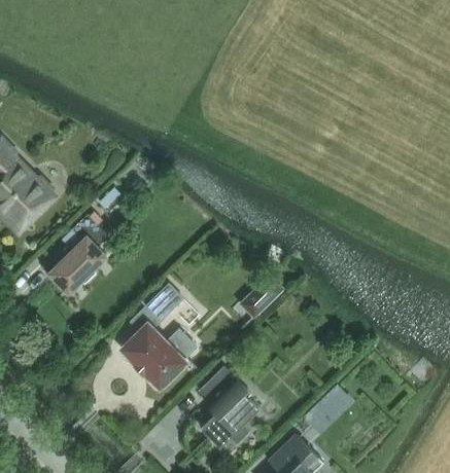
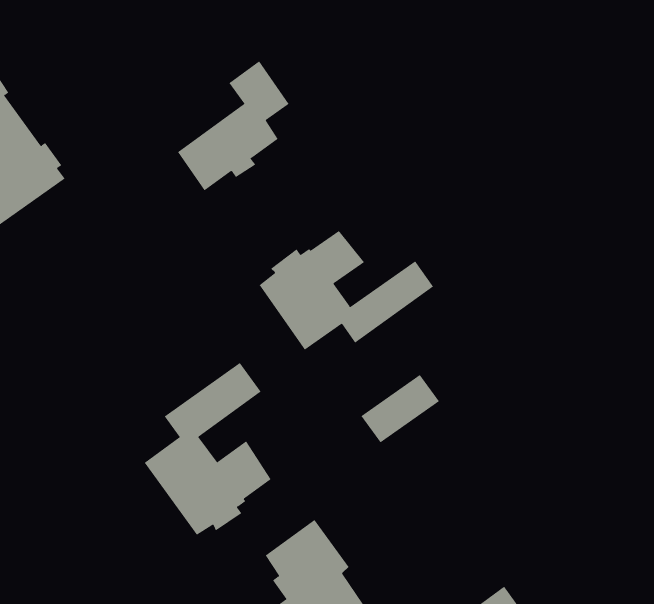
building: none -> [259,230,434,351]
building: [49,215,108,293] -> [177,60,289,191]

